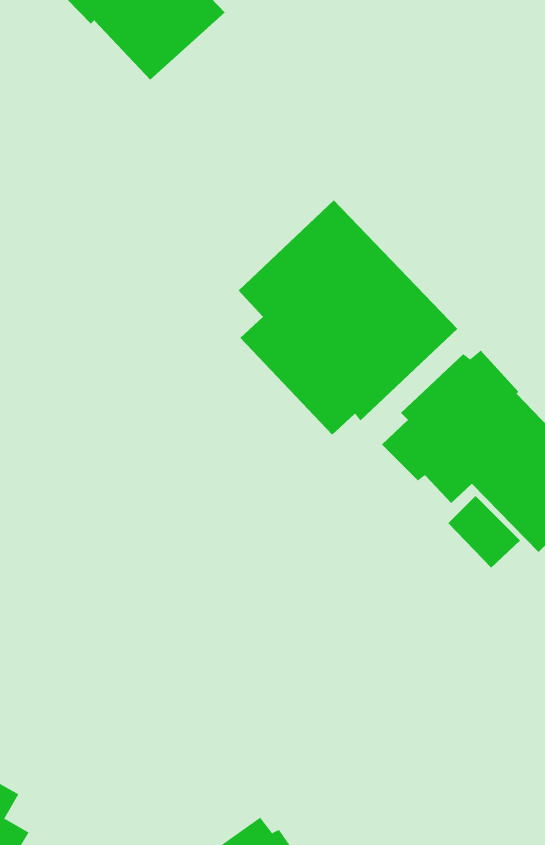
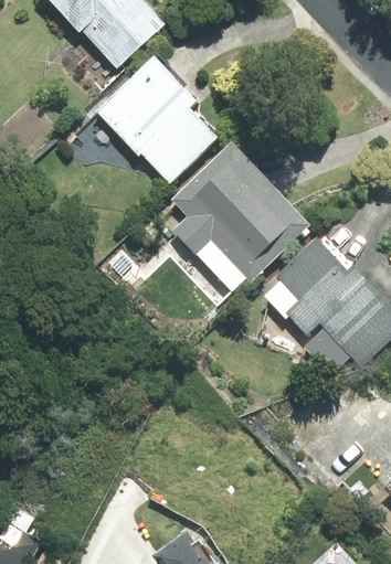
building: none -> [96,57,216,181]

